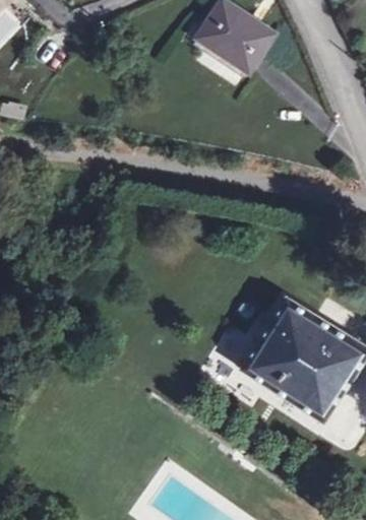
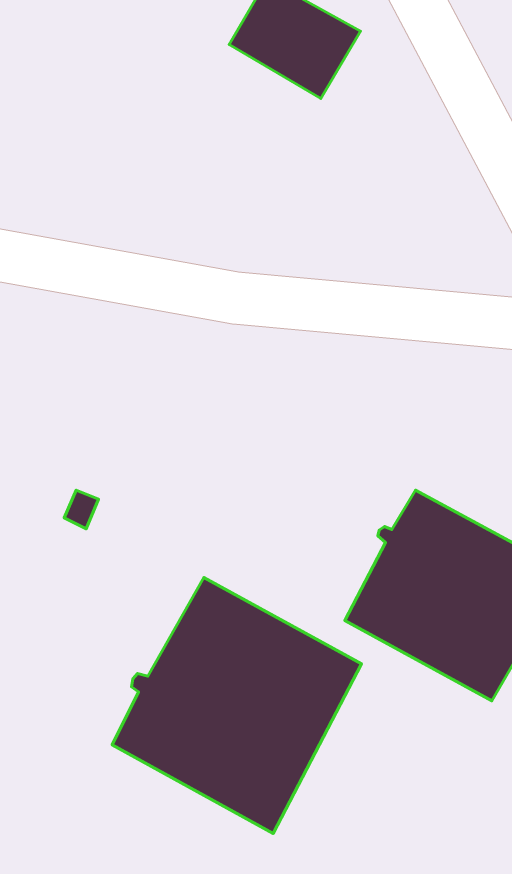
building: none -> [112,578,361,833]

